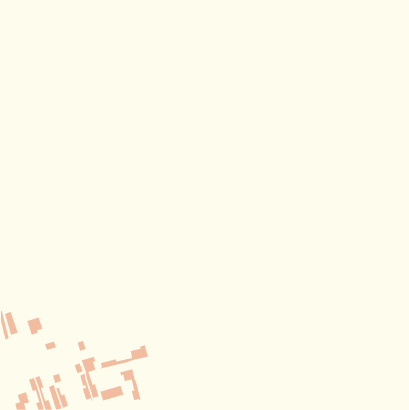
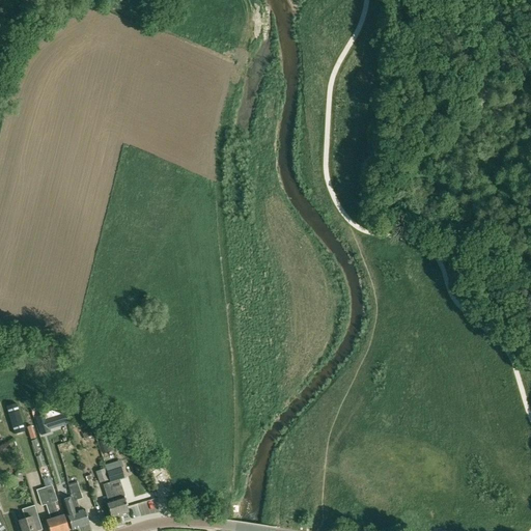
building: [100,345,148,369] -> none
building: [119,368,141,401] -> none

